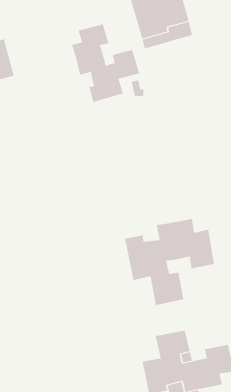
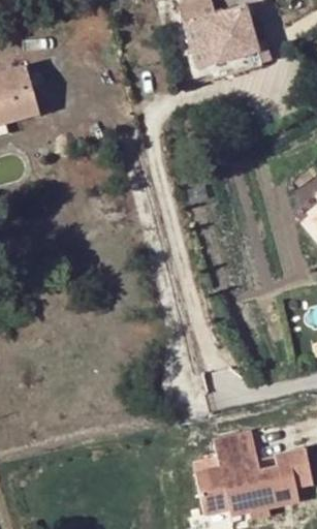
building: [72,24,140,103] -> none
building: [125,218,214,306] -> none

